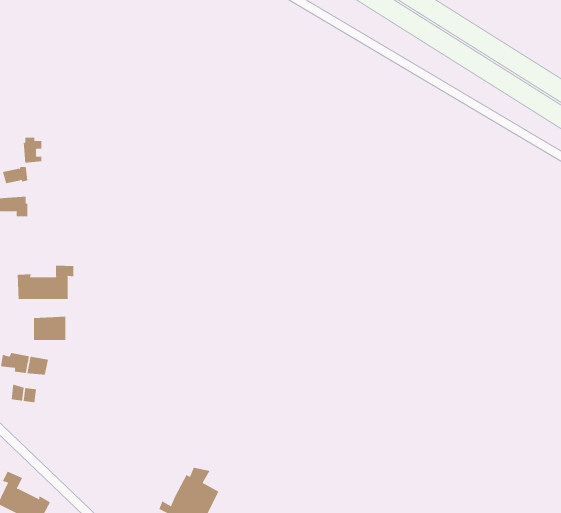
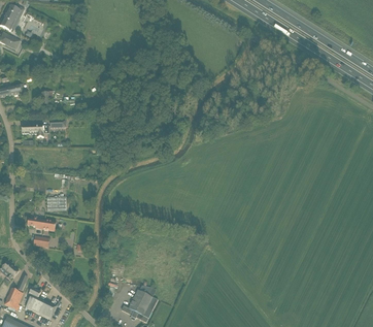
building: [17,265,74,300] -> none

